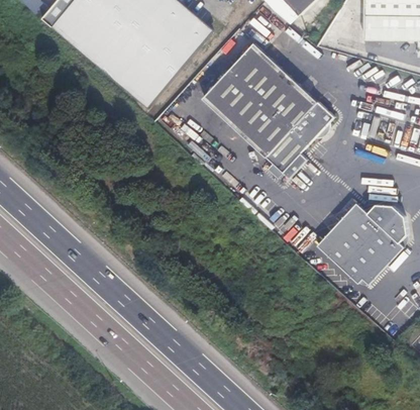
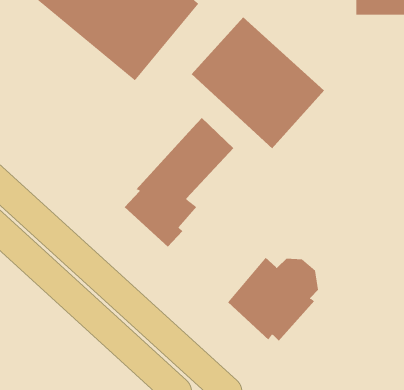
building: none -> [124,117,234,247]
building: [316,203,406,286] -> [227,257,319,341]

